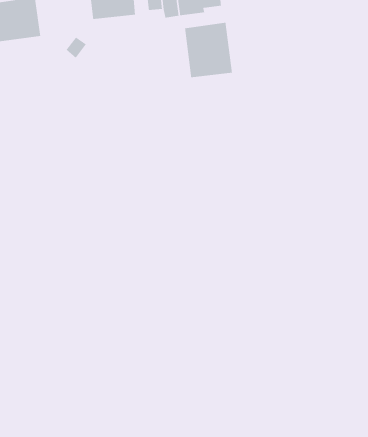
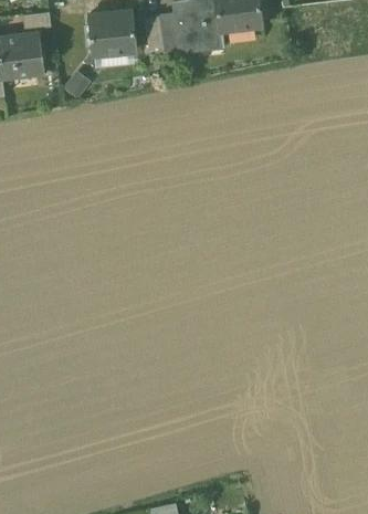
building: [184,22,233,78] -> none

